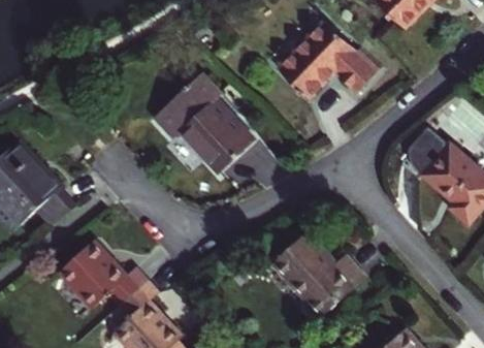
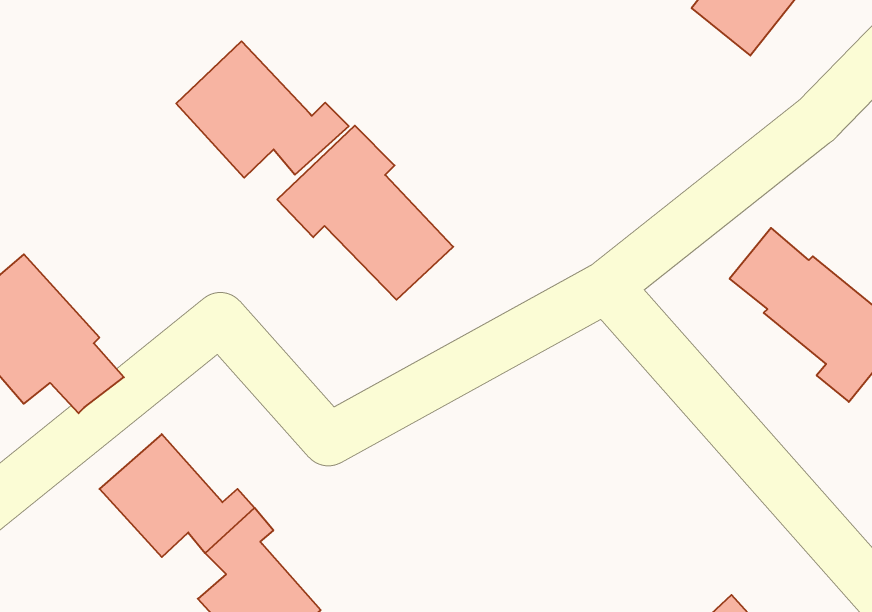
building: [285,26,384,103] -> none
building: none -> [176,41,349,178]
building: [275,232,364,317] -> none

